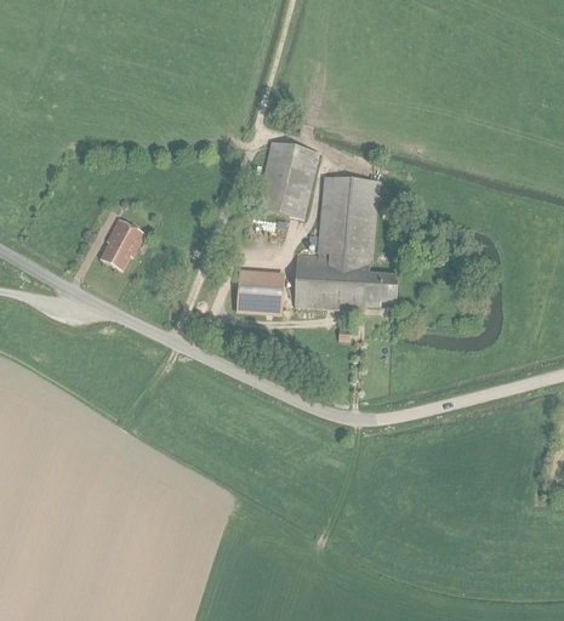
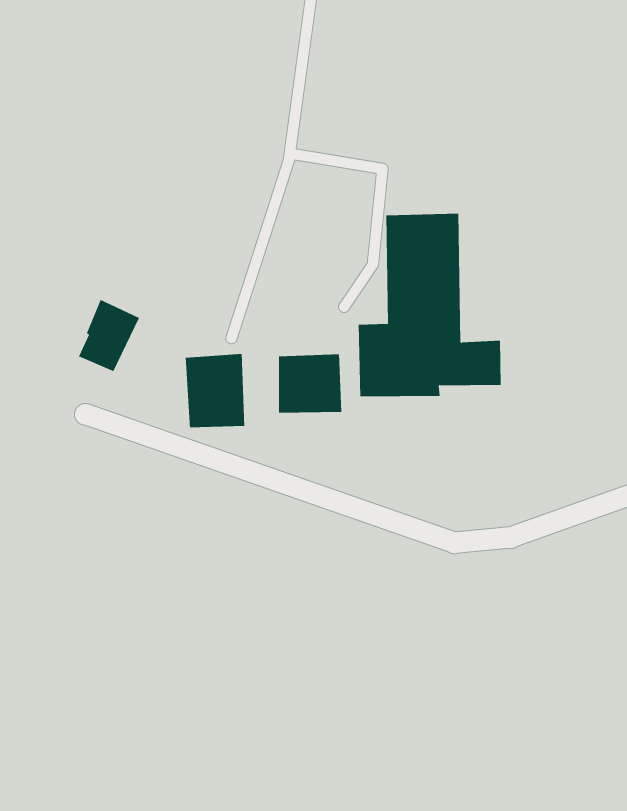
building: [260,142,318,215] -> none
building: none -> [185,353,245,428]

